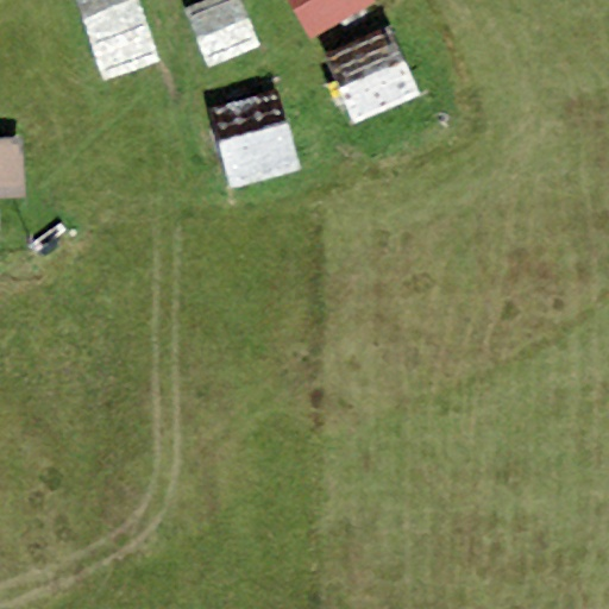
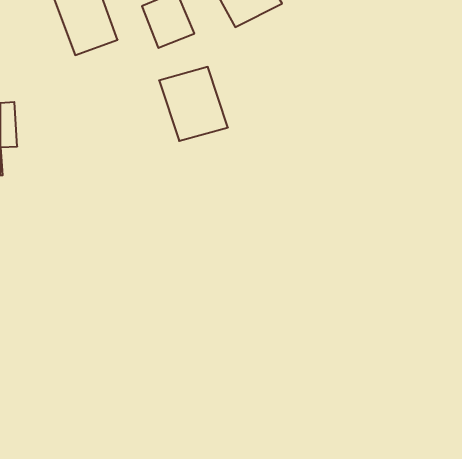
building: [325,30,419,121] -> none

